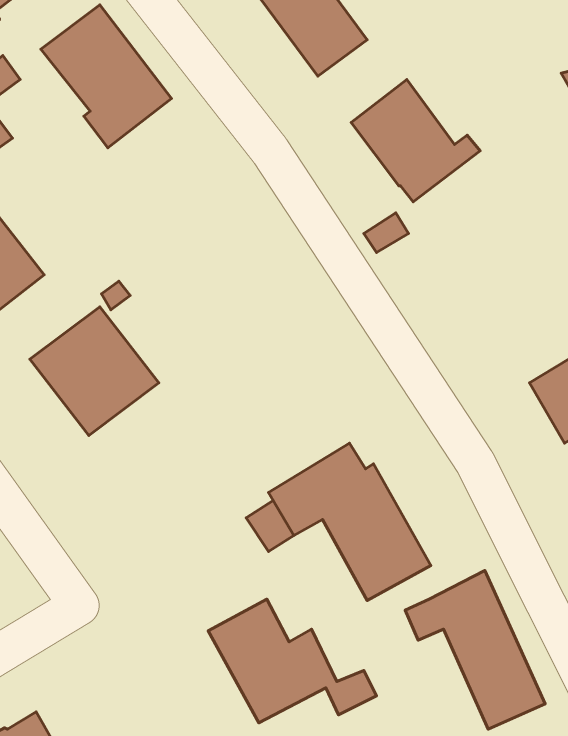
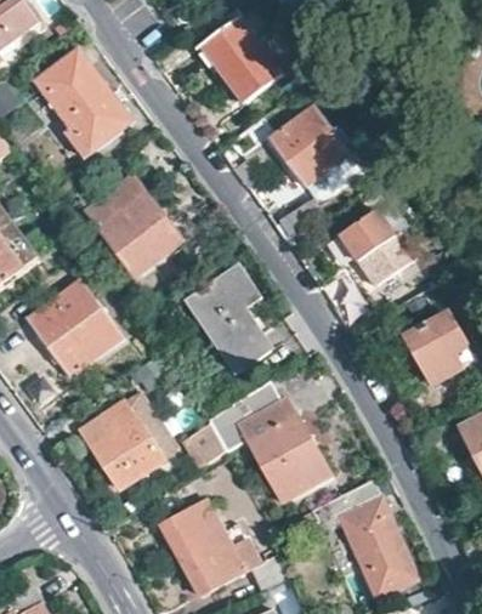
building: none -> [84,176,180,274]
building: none -> [339,210,408,275]
building: none -> [187,263,268,371]
building: none -> [81,390,180,485]

